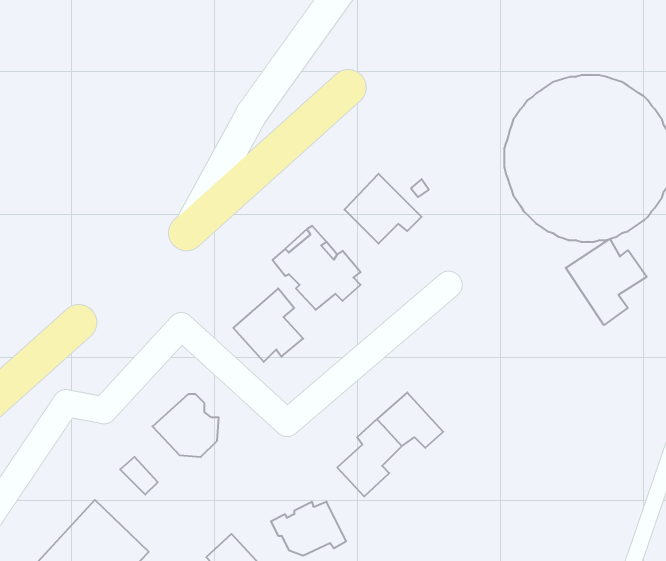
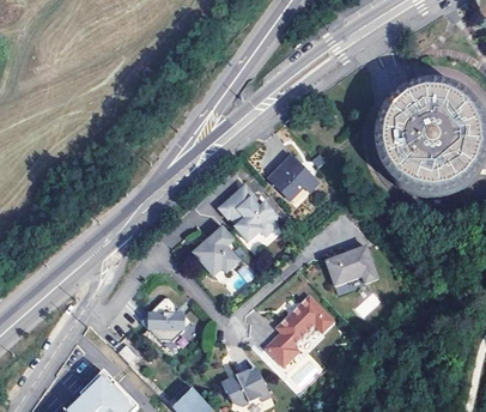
building: [566,239,647,325] -> none
building: none -> [327,248,378,287]

